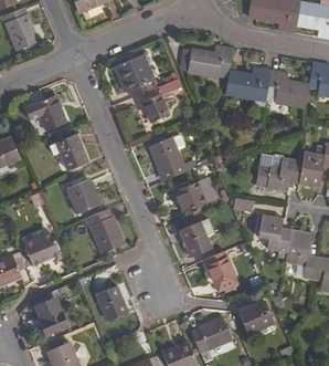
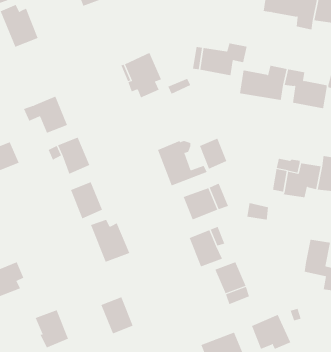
building: [141,93,168,123] -> [199,138,227,169]
building: [259,216,293,259] -> none
building: [23,232,60,263] -> none

